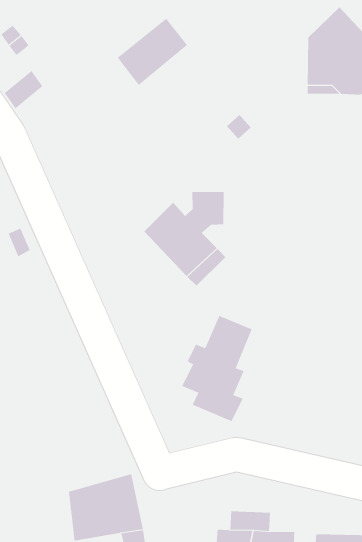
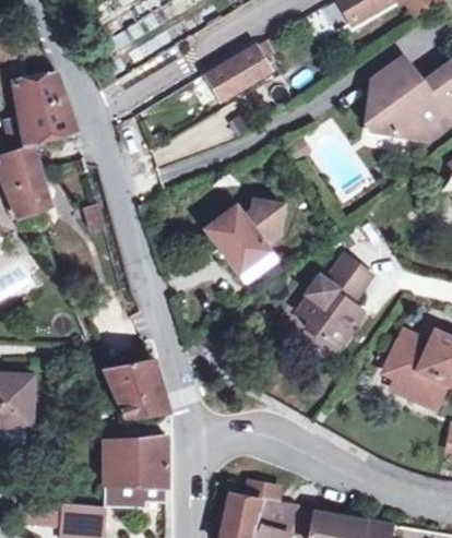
building: [181,315,252,422] -> [296,253,365,347]
building: none -> [104,362,168,418]

